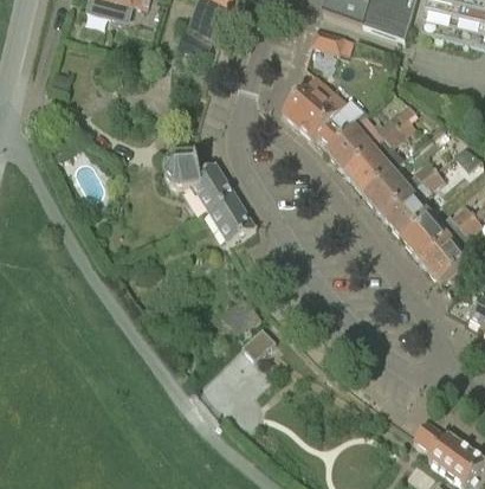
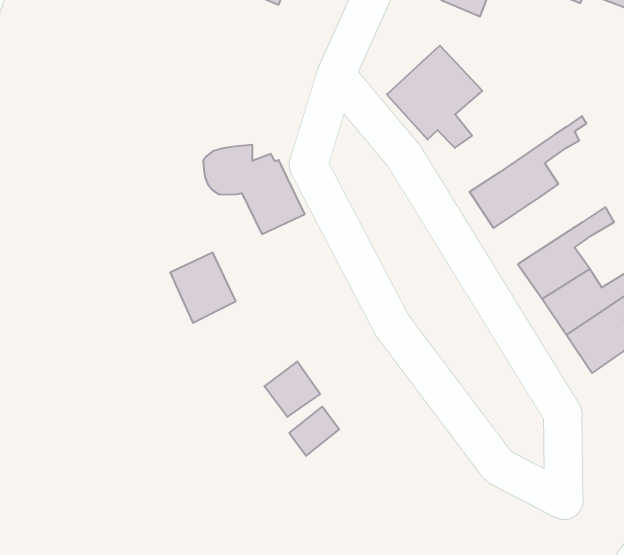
building: [325,102,415,169] -> none
building: [364,160,438,214] -> none
building: [209,197,256,245] -> [170,253,236,323]

